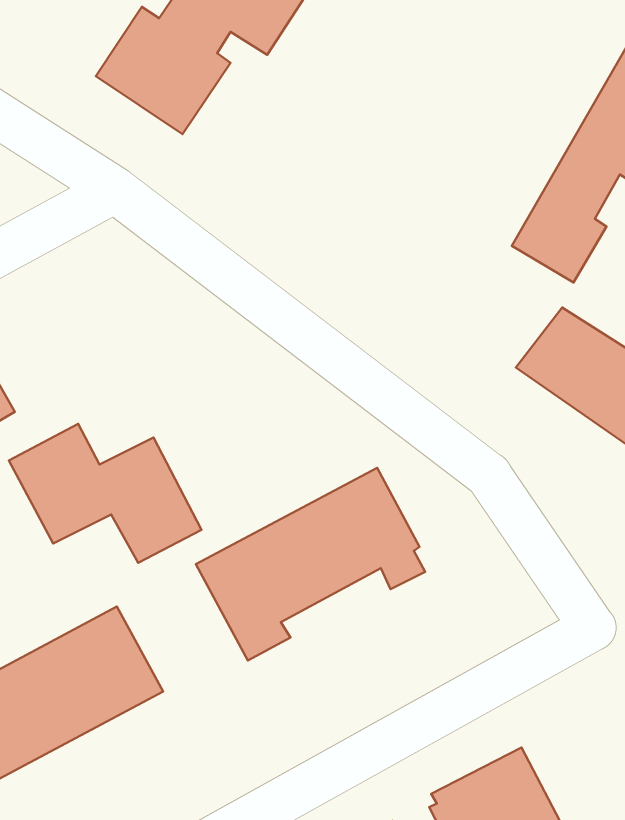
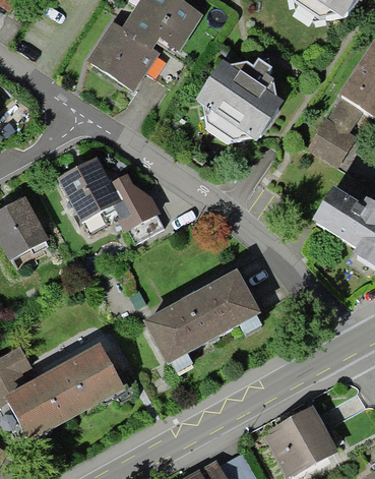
building: none -> [195,52,287,141]
building: [9,424,202,563] -> [63,167,165,240]

